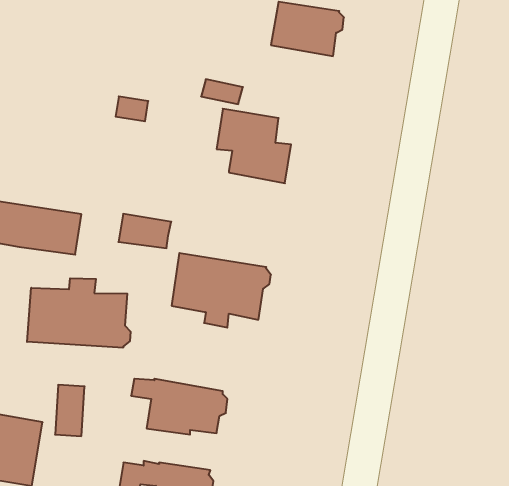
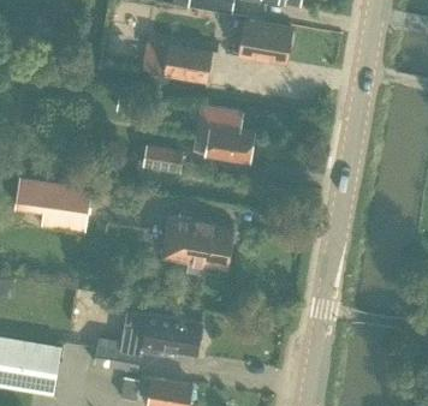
building: none -> [142,41,213,82]
building: [118,214,171,248] -> [143,145,184,172]
building: [27,278,130,348] -> none
building: none -> [94,338,142,372]

